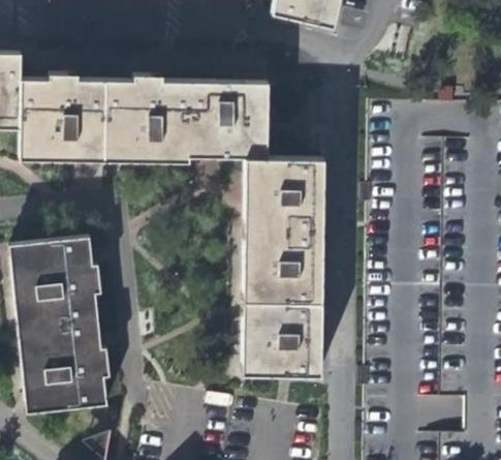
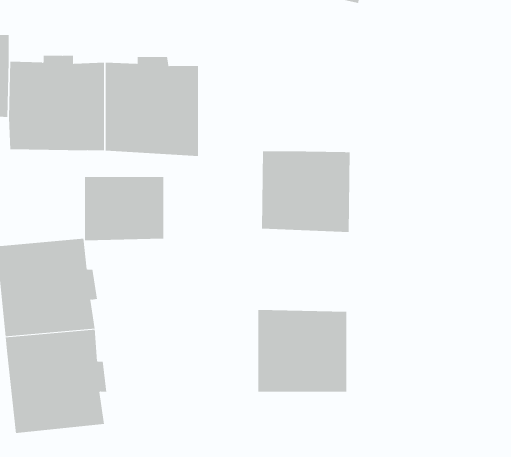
building: [190,82,270,158] -> none
building: none -> [84,176,164,241]
building: [243,228,325,303] -> none

